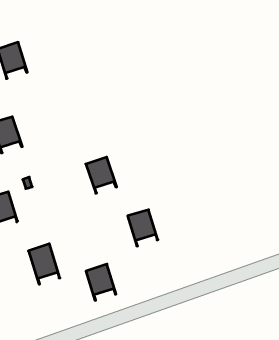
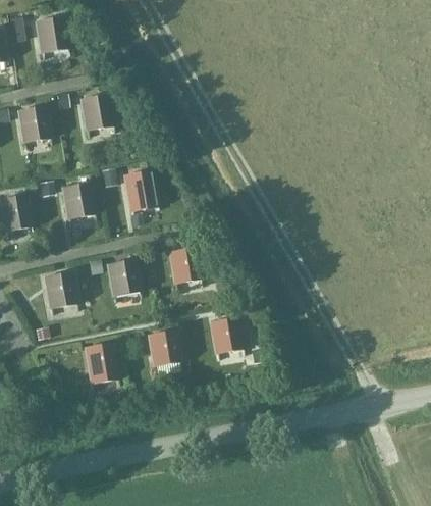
building: none -> [125,170,159,217]
building: none -> [109,259,142,301]
building: [86,264,116,300] -> [150,330,182,371]

